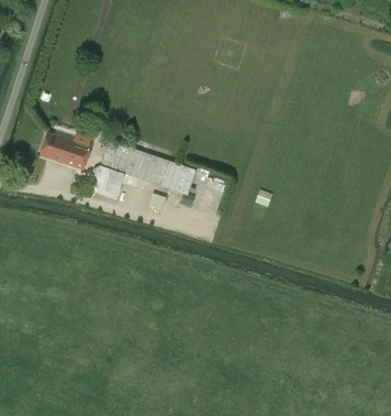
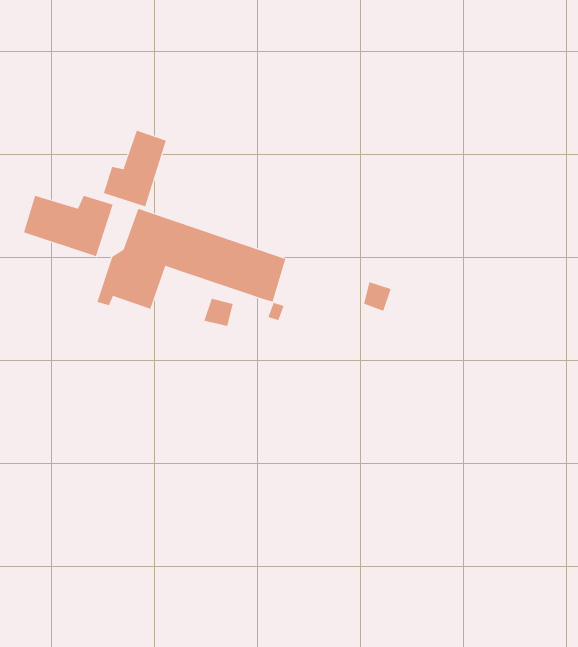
building: none -> [103,130,166,207]

